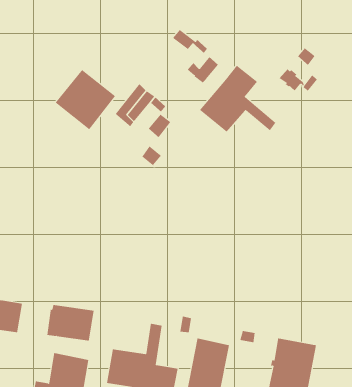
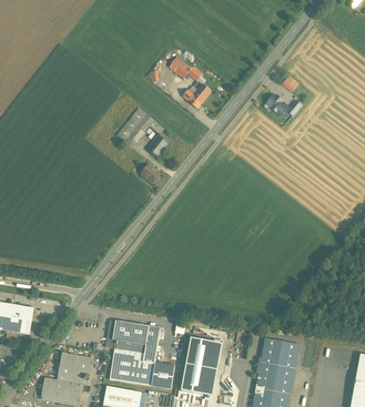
building: [199,65,276,133] -> none
building: [55,69,116,130] -> none
building: [47,304,94,341] -> [105,319,149,353]

